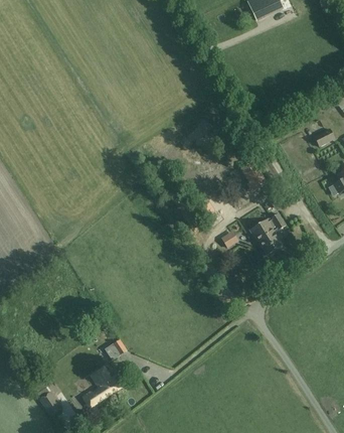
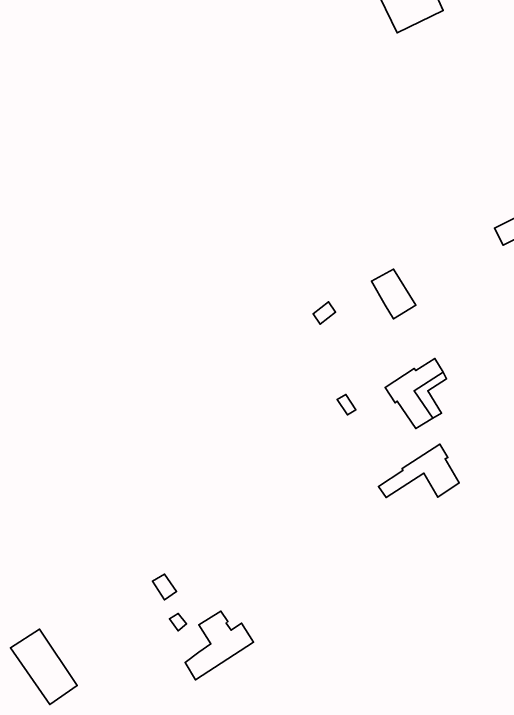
building: none -> [379,444,459,498]
building: [83,367,124,407] -> [185,611,254,680]

